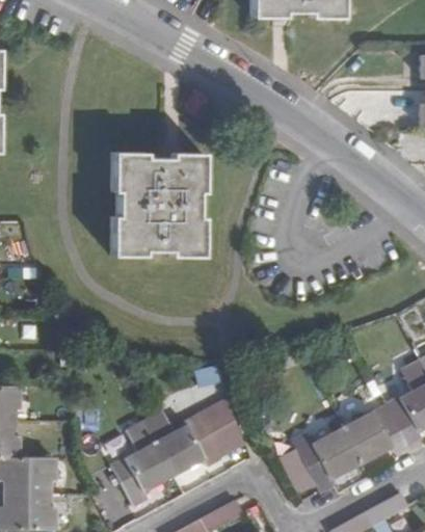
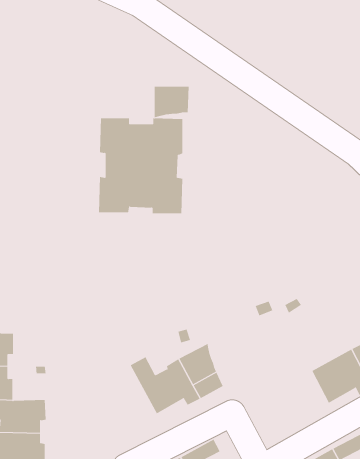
building: none -> [154,86,189,118]
building: [111,421,175,506] -> none
building: [283,427,362,498] -> none

